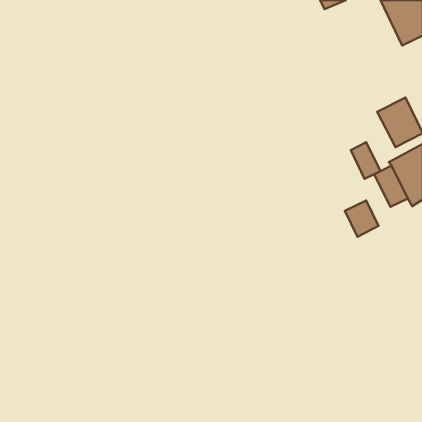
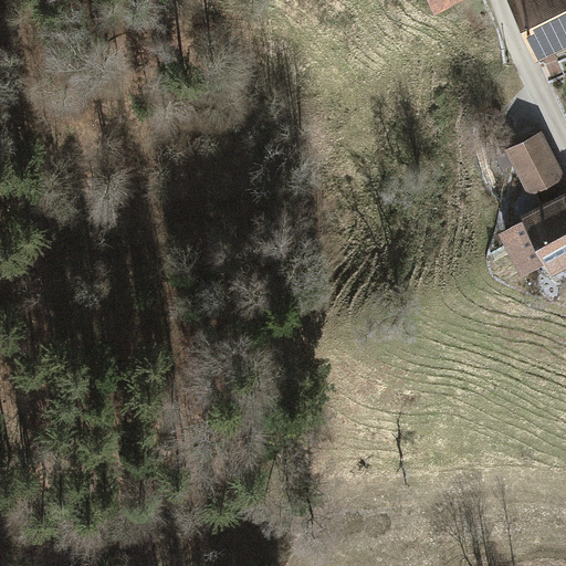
building: [351,142,381,179] -> none
building: [345,201,378,237] -> none

